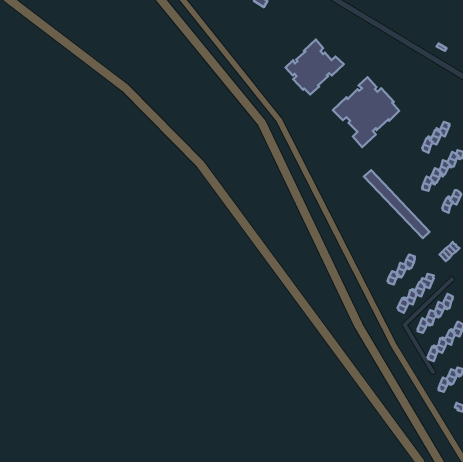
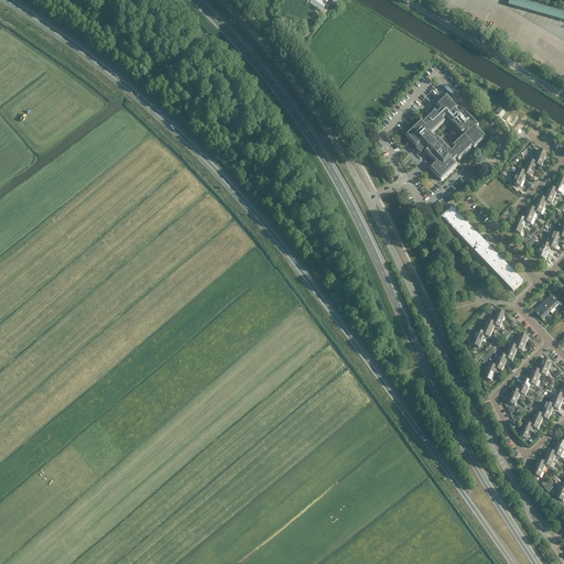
building: [285,40,344,94] -> none

